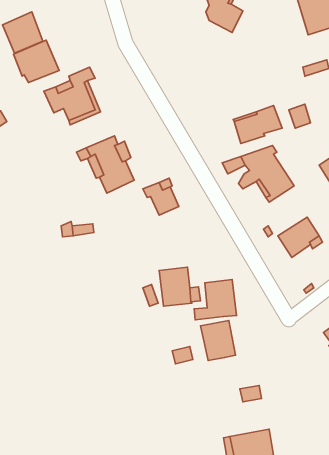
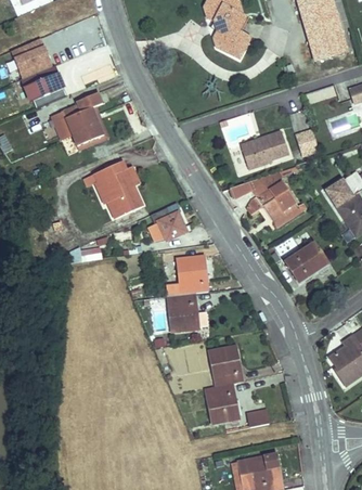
building: [194,279,237,320] -> [166,256,208,296]
building: none -> [205,383,240,424]

